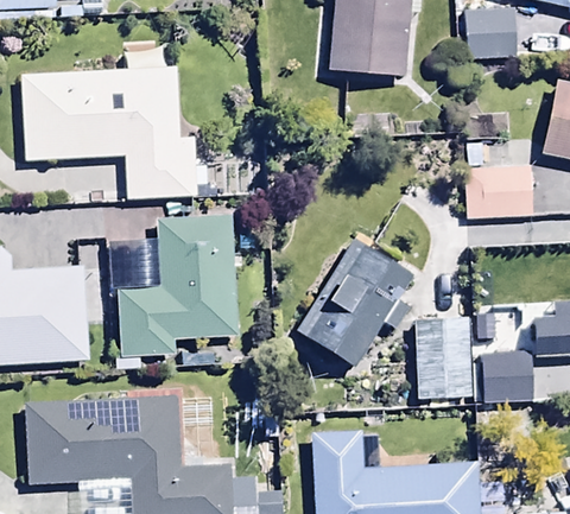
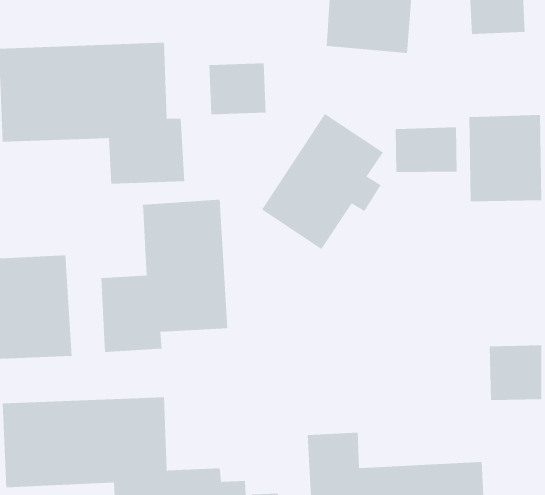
building: none -> [209,63,266,115]
building: none -> [395,127,457,173]
building: [297,237,412,366] -> [261,113,384,250]
building: [416,319,474,399] -> none

